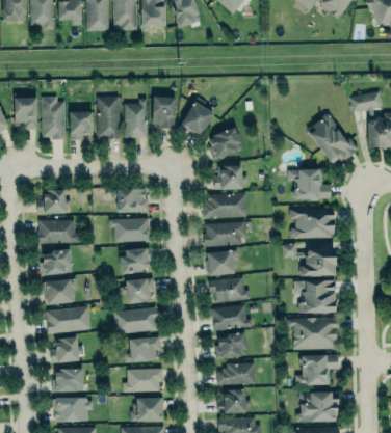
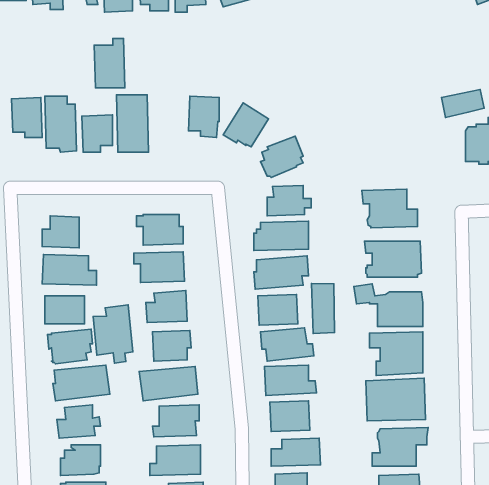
building: [124,100,148,138] -> [94,39,125,88]
building: [307,113,358,163] -> none
building: none -> [312,283,334,333]
building: none -> [93,305,133,363]

